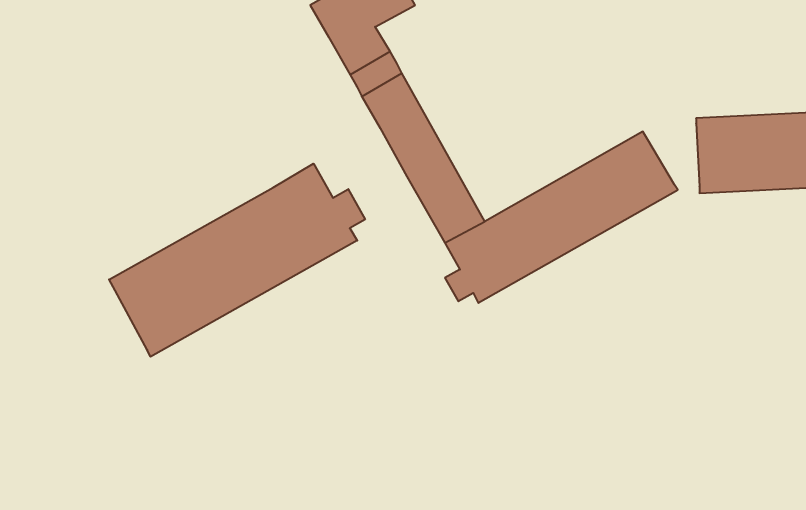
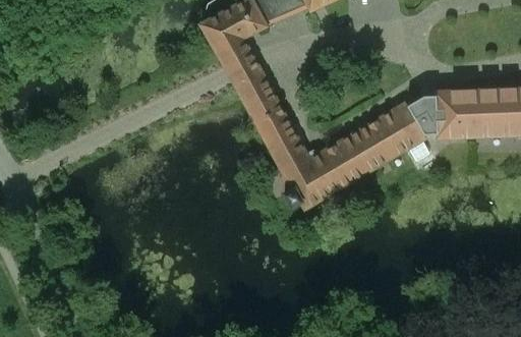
building: none -> [409,97,441,135]
building: [109,164,365,357] -> none

